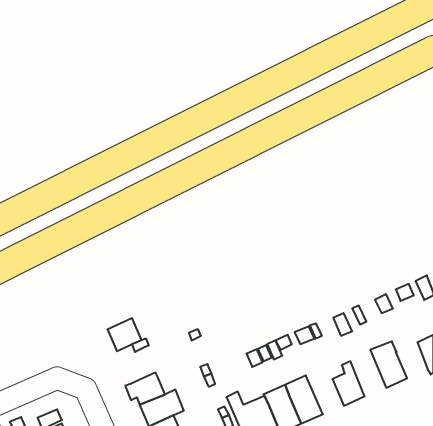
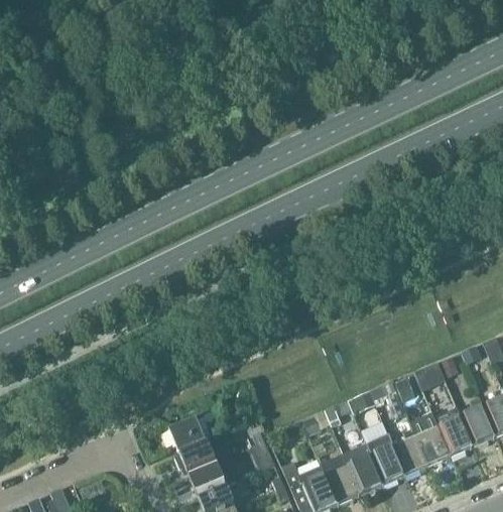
building: [107,318,142,351] -> [168,417,205,453]
building: none -> [461,397,495,446]
building: none -> [409,412,451,466]
building: none -> [365,434,405,485]

